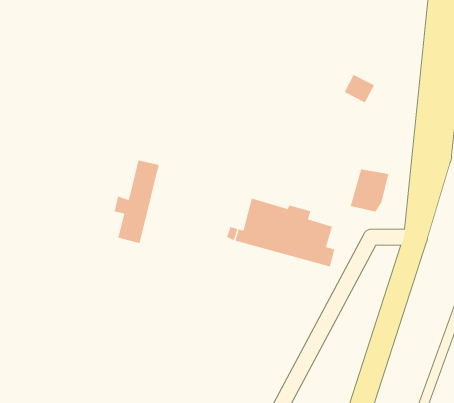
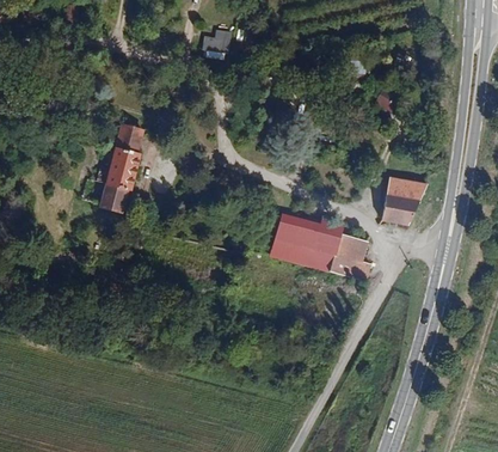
building: none -> [204,30,230,60]
building: [114,160,159,244] -> [97,128,142,212]

